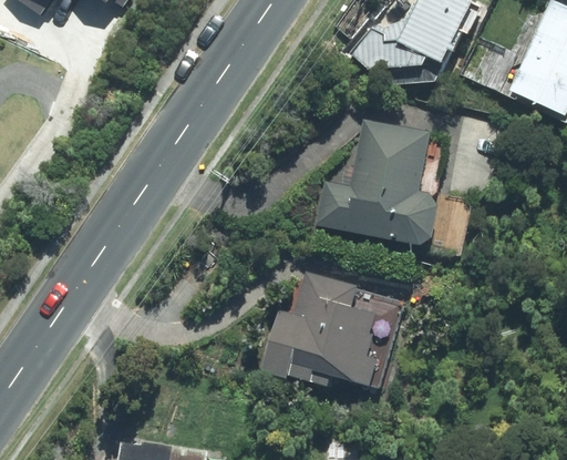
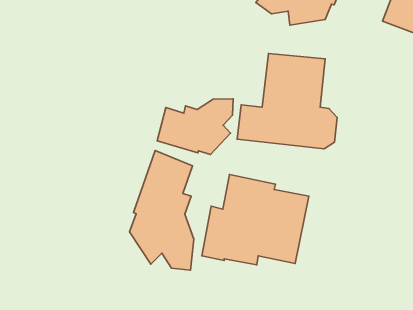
building: none -> [157,99,233,154]
building: none -> [130,150,194,270]

